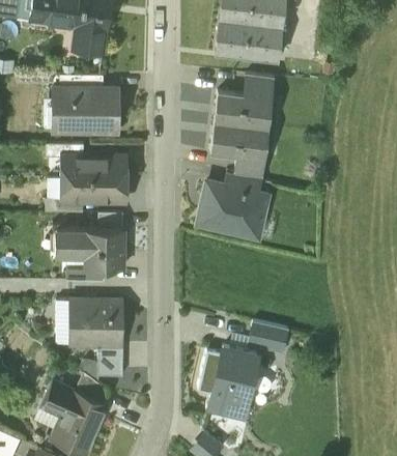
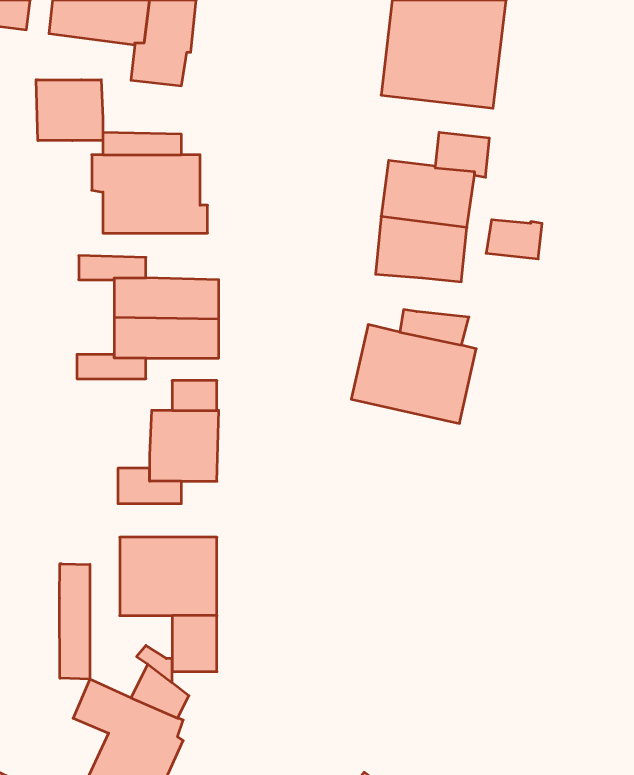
building: none -> [36,80,103,141]
building: [234,155,265,177] -> [486,220,542,259]
building: [57,228,87,254] -> none
building: none -> [60,564,90,679]
building: [248,321,289,351] -> none
building: [198,345,258,416] -> none

